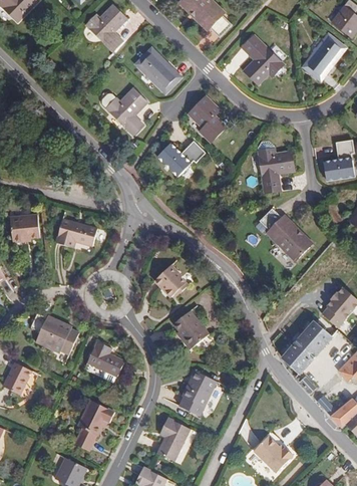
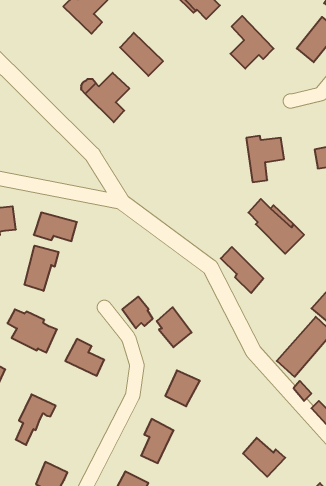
building: [187,94,222,141] -> none
building: [155,141,204,176] -> none
building: none -> [24,246,59,291]
building: none -> [221,247,263,293]
building: [157,267,187,297] -> [122,297,153,328]
building: [75,401,113,449] -> [16,394,56,445]

